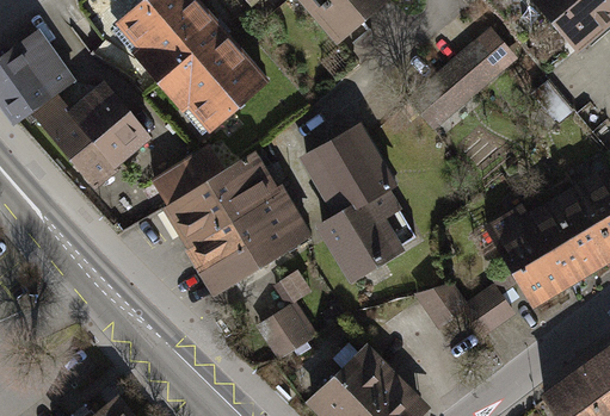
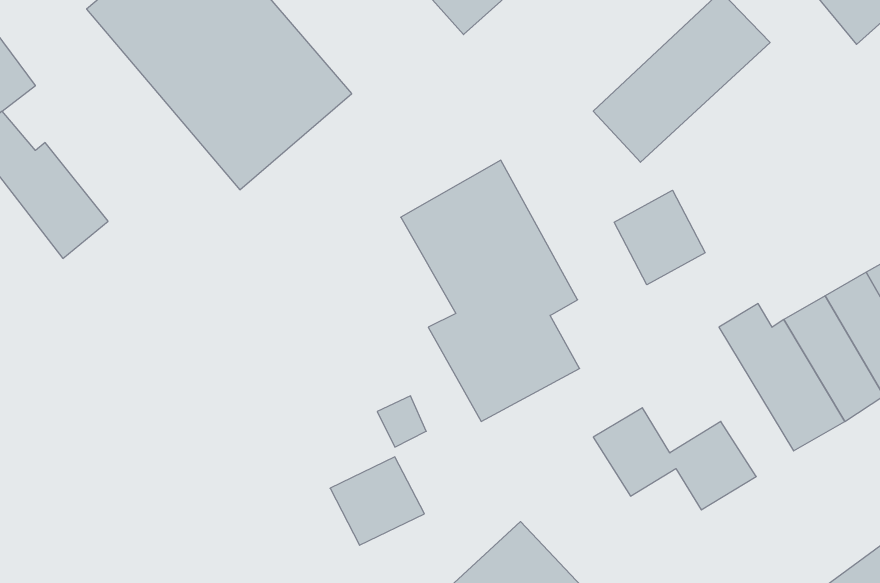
building: [81,89,150,161] -> none
building: none -> [614,190,705,285]
building: [147,144,310,292] -> none

